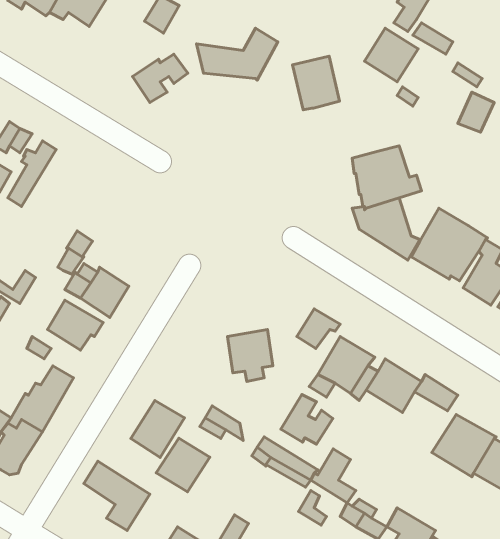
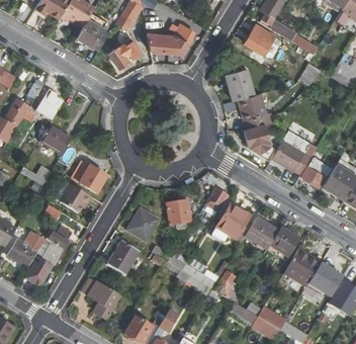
building: none -> [77,12,109,50]
building: [293,56,339,110] -> [226,70,253,101]
building: none -> [40,124,72,153]
building: [281,394,333,444] -> none
building: [156,438,210,492] -> [127,208,159,240]

